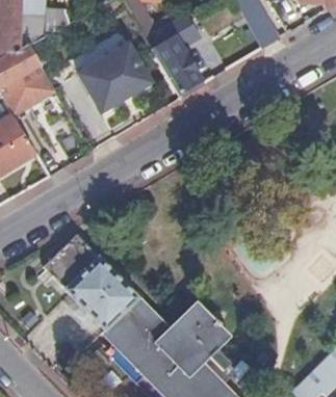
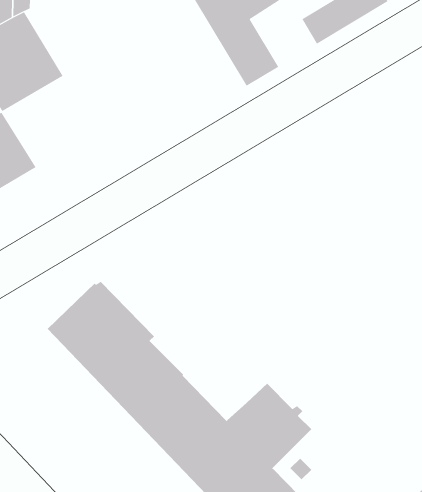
building: [78,44,153,112] -> none

